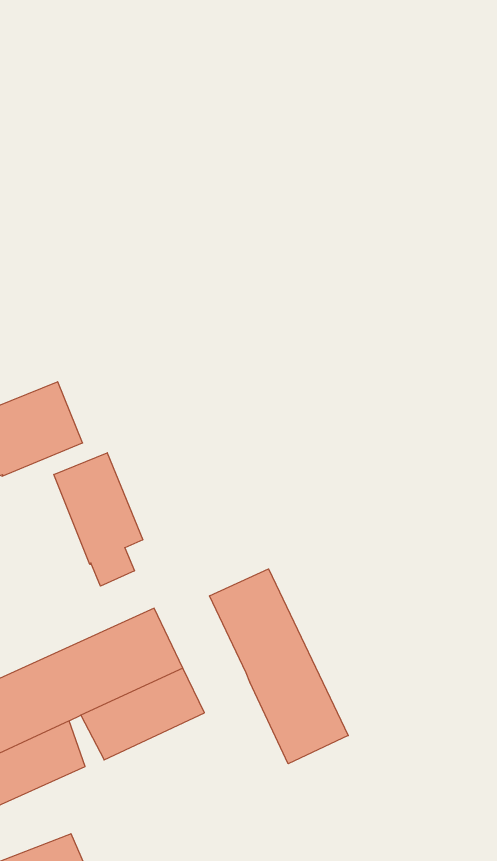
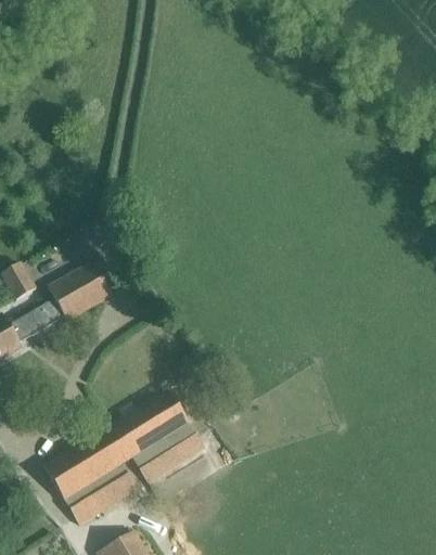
building: [54,453,143,586] -> none
building: [210,569,348,764] -> none

